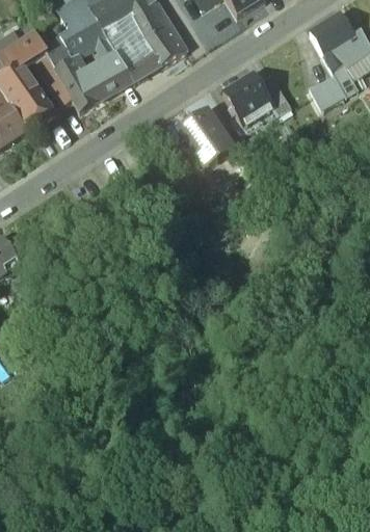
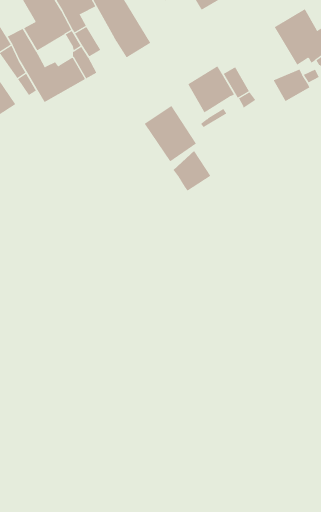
building: [125,49,162,82] -> none
building: none -> [173,150,211,192]

